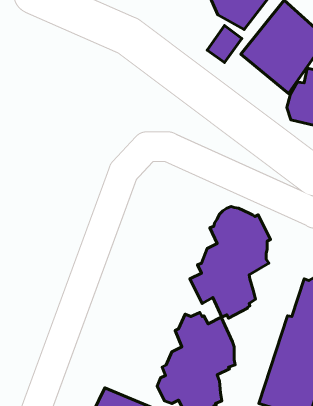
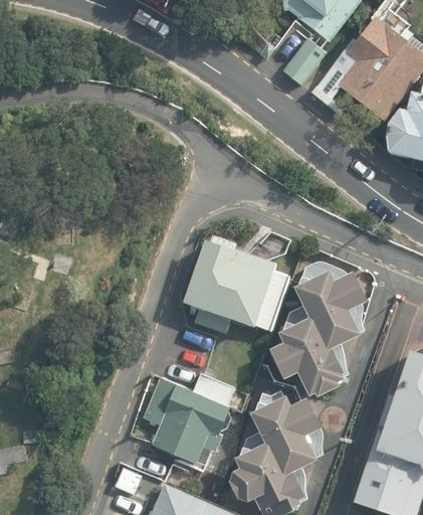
building: none -> [186,235,289,334]
building: none -> [143,373,235,466]

